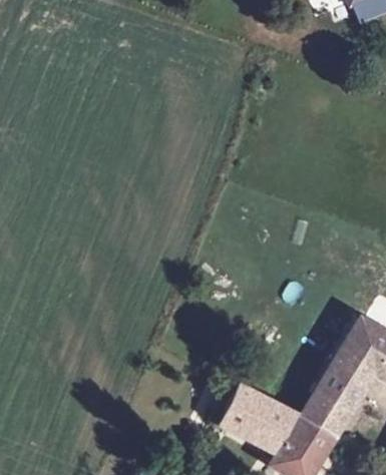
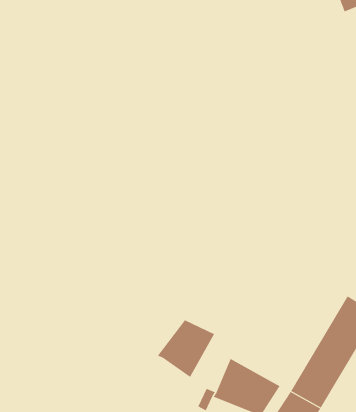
building: none -> [157,319,215,378]

